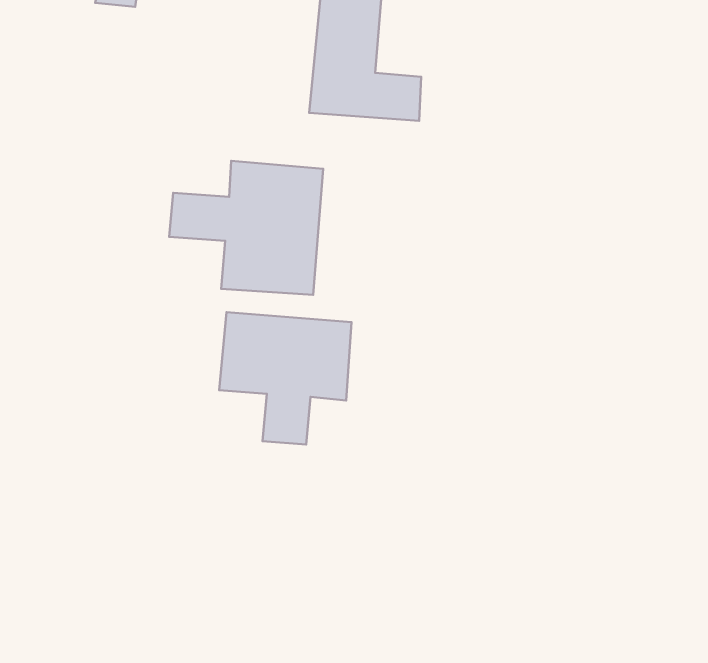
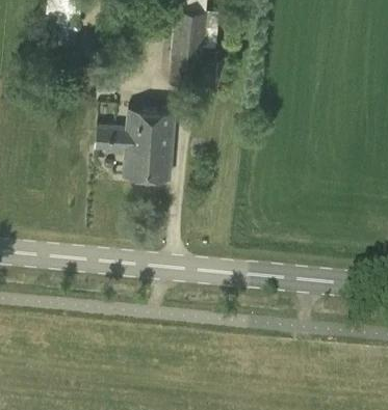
building: [219,312,352,444] -> none

